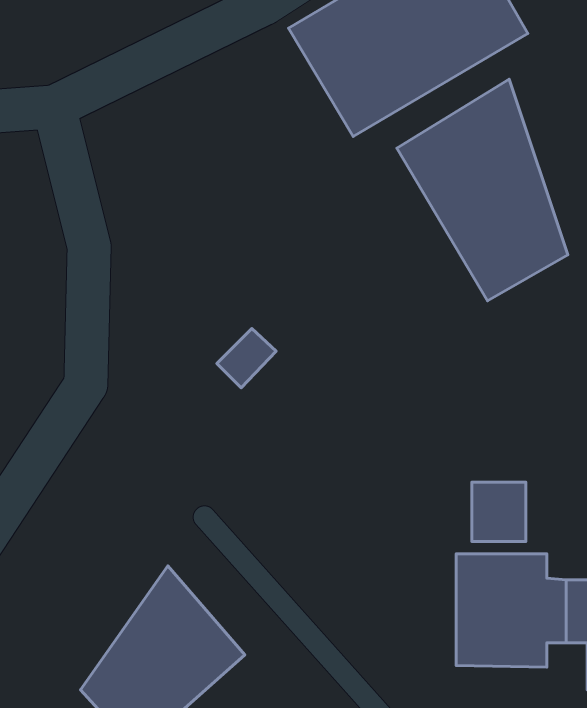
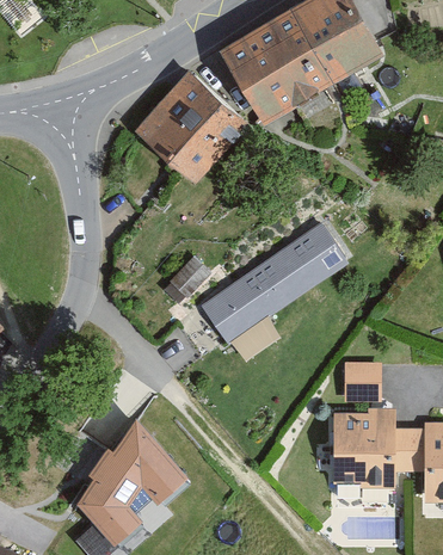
building: none -> [133,72,245,184]
building: [397,79,568,301] -> none
building: none -> [199,223,347,346]

